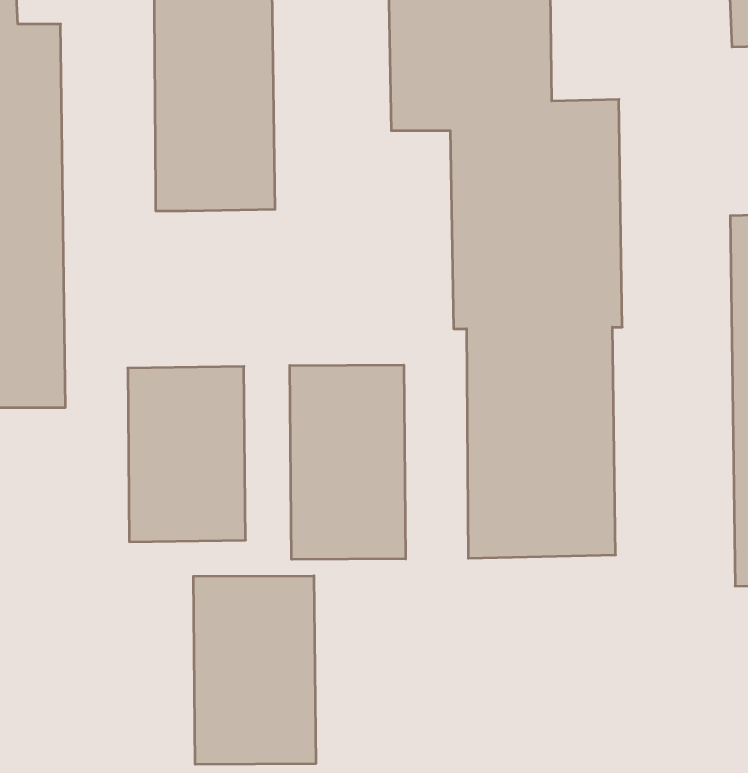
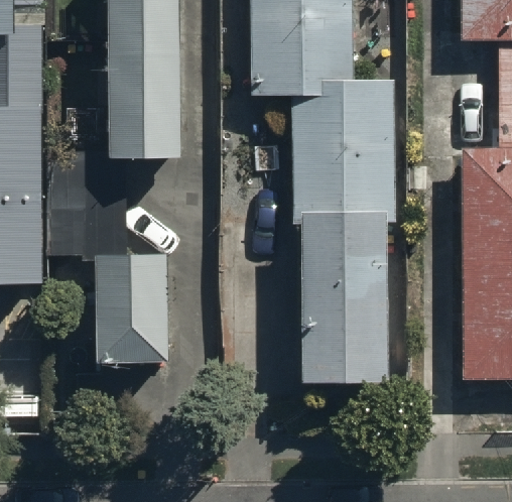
building: [290,365,406,559] -> none
building: [193,576,316,764] -> none

